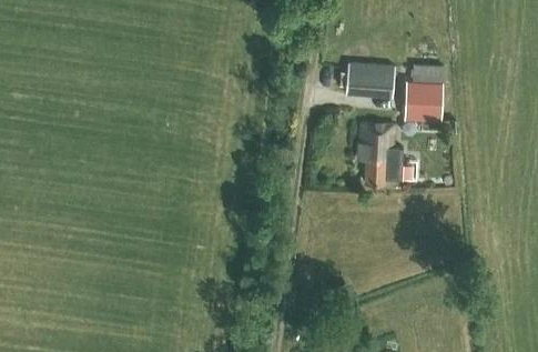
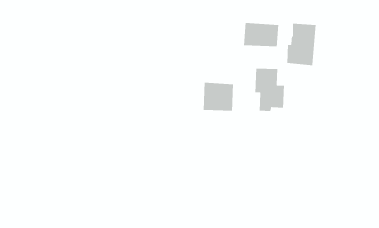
building: none -> [203,82,234,111]

